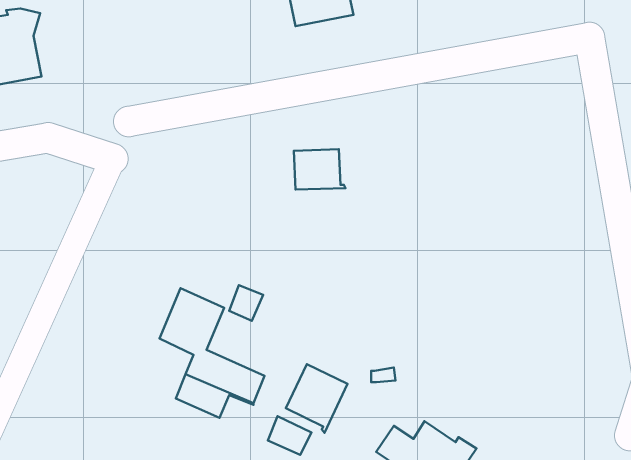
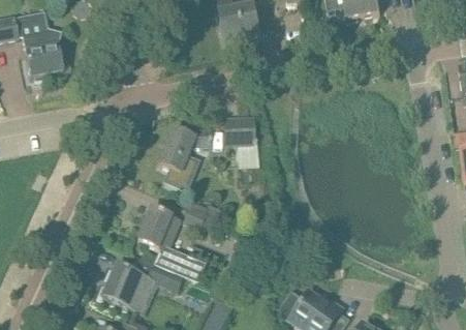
building: none -> [159,128,212,188]
building: [286,364,348,433] -> none
building: none -> [103,264,151,312]

